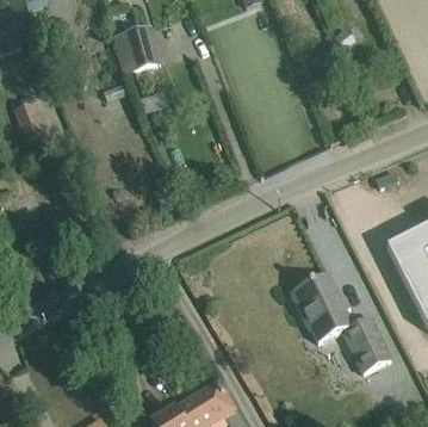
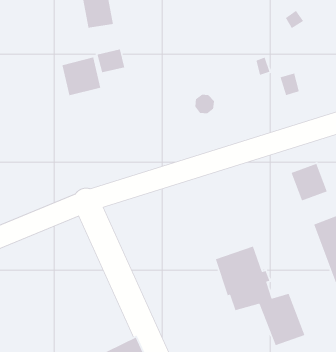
building: none -> [62,57,101,96]
building: none -> [290,163,328,202]

